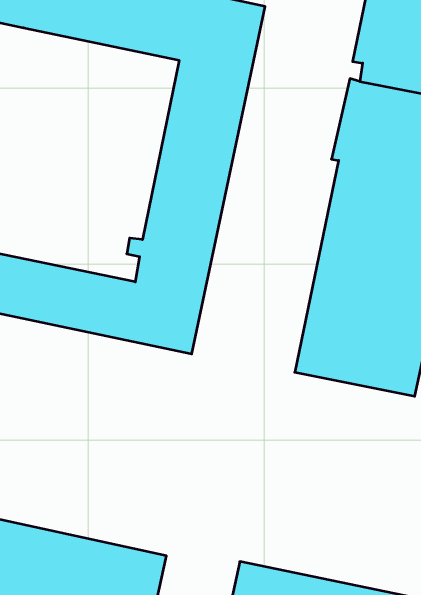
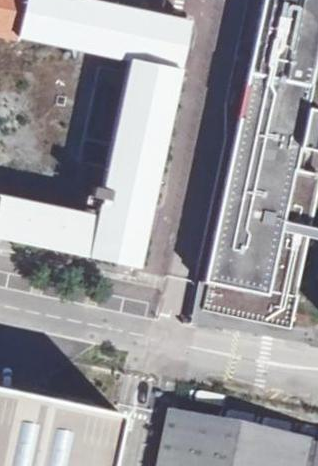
building: none -> [204,280,295,323]

